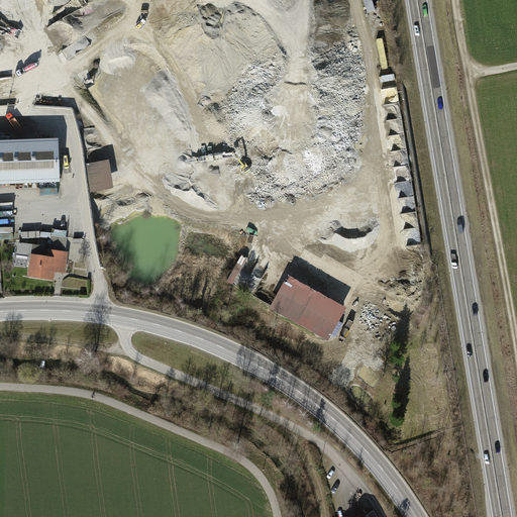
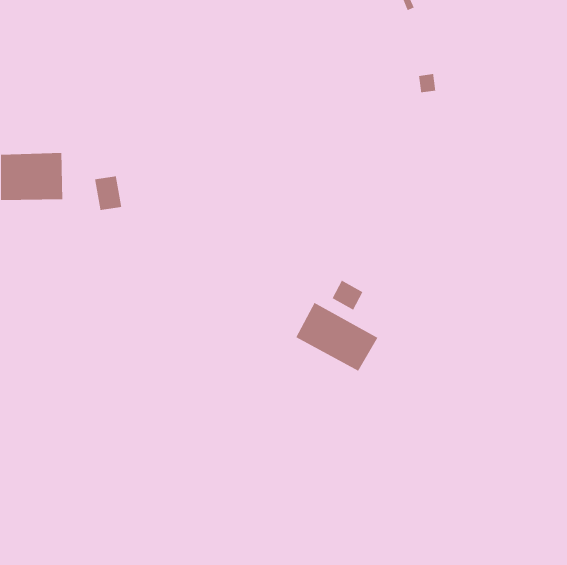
building: [15,233,69,280] -> none
building: none -> [331,280,364,311]

